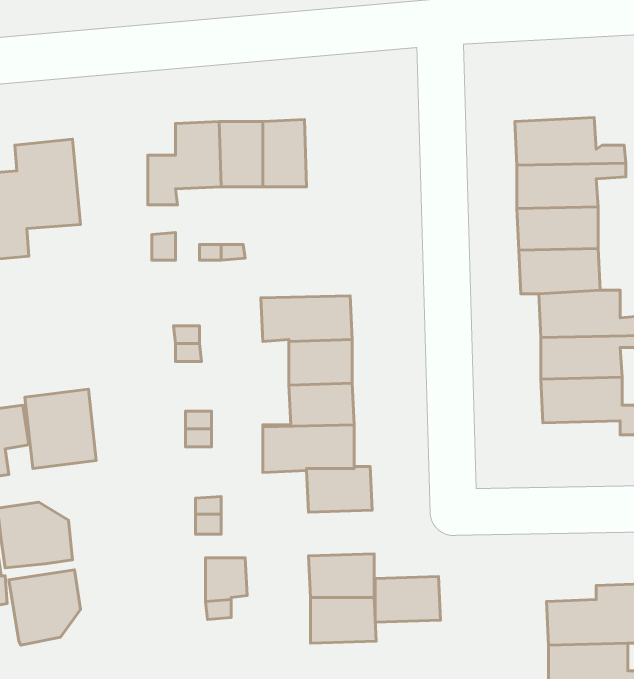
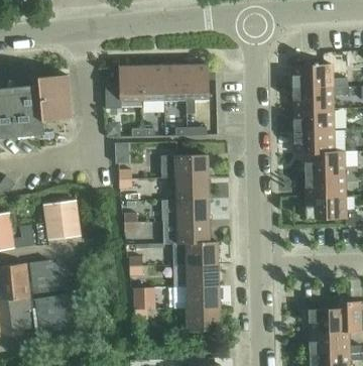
building: none -> [185,65,208,113]
building: [375,577,441,622] -> [187,263,220,286]

